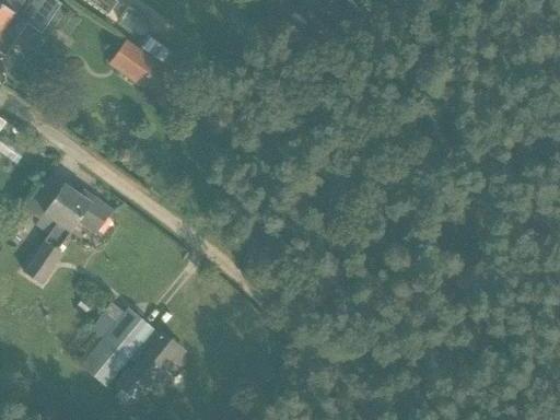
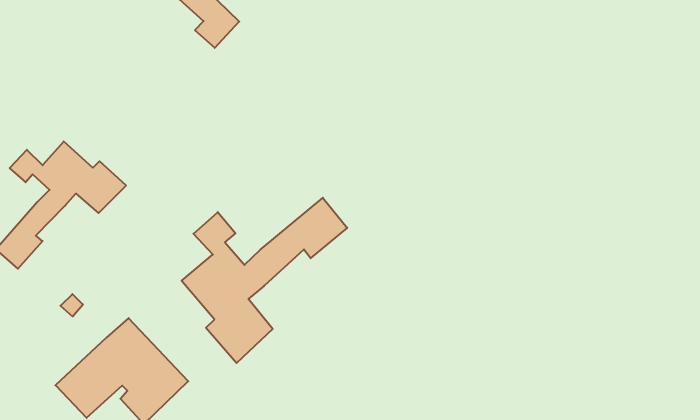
building: none -> [182,198,347,363]

